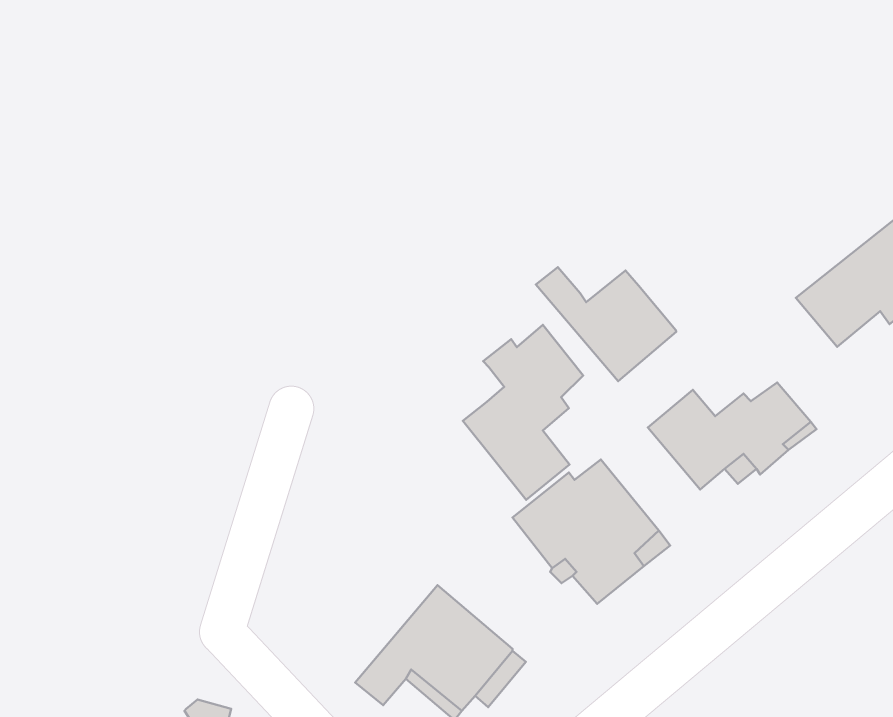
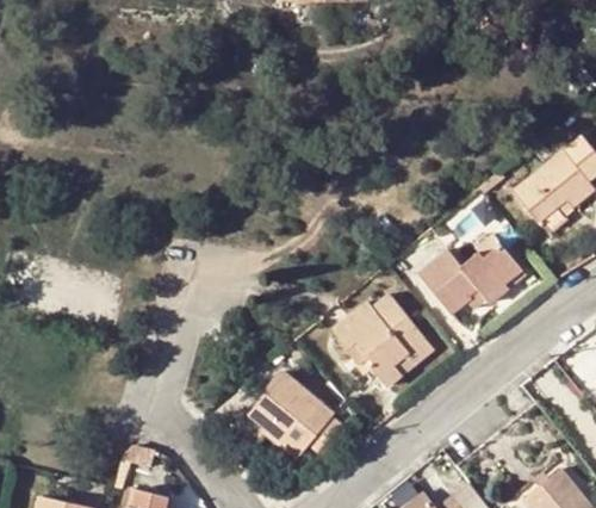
building: [536,267,676,381] -> none
building: [463,325,583,500] -> none

